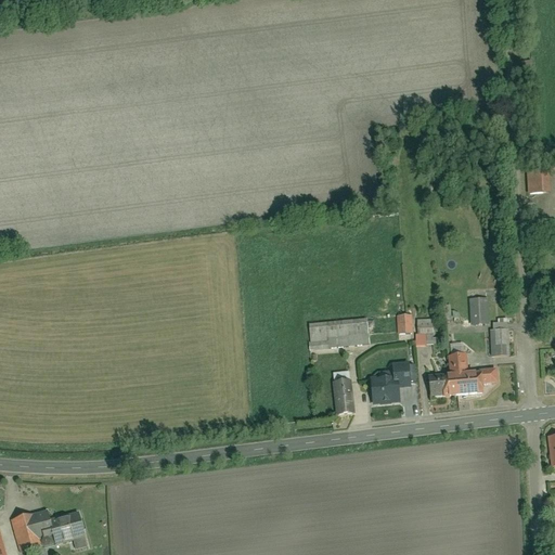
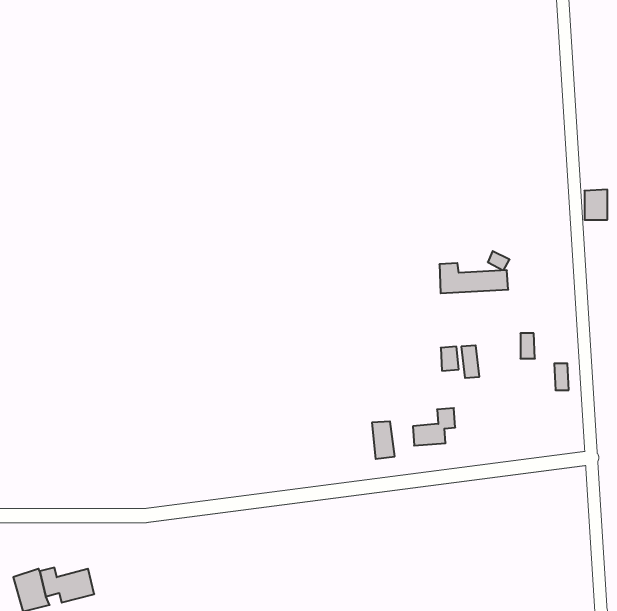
building: [310,320,372,347] -> [439,263,508,293]
building: [429,353,496,393] -> none

